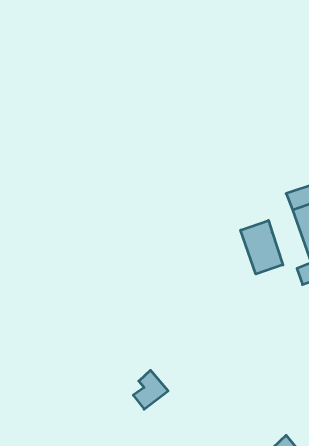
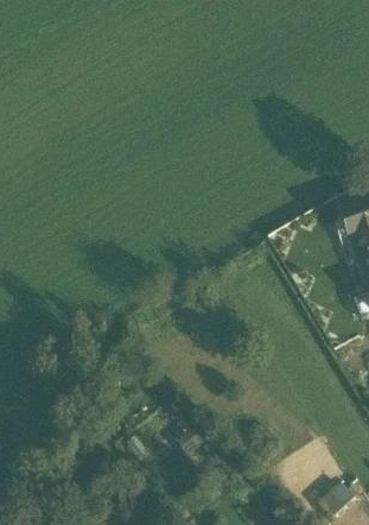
building: [241,220,283,274] -> none

